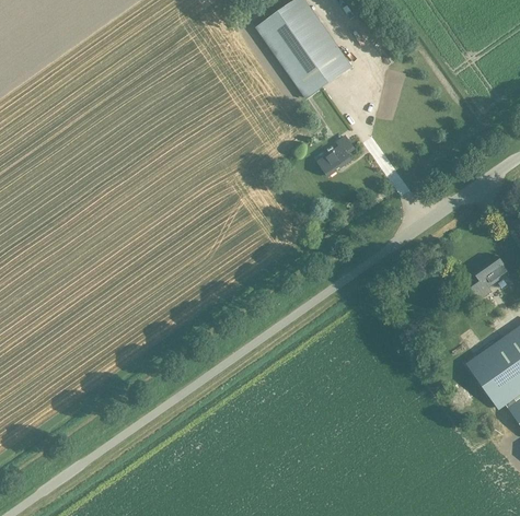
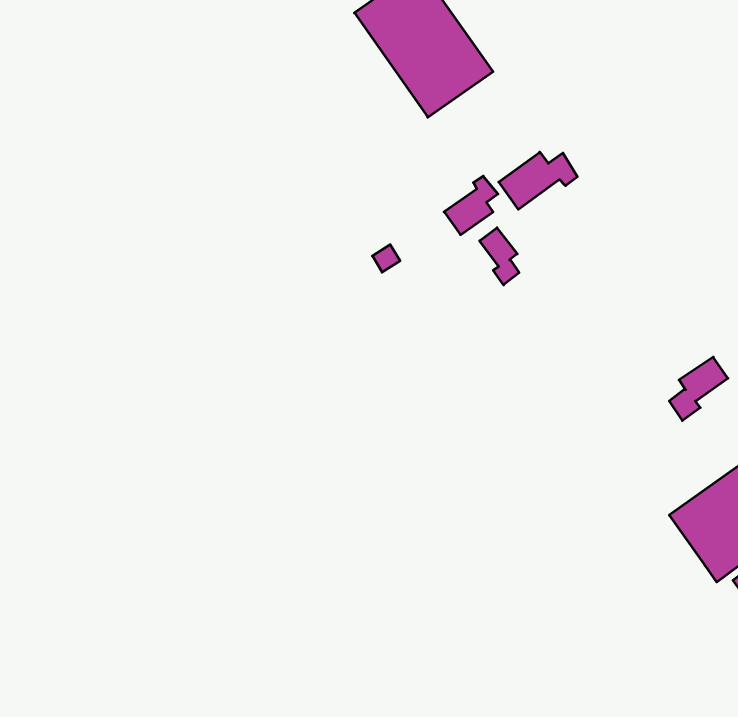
building: none -> [499,152,577,209]
building: none -> [480,228,519,285]

